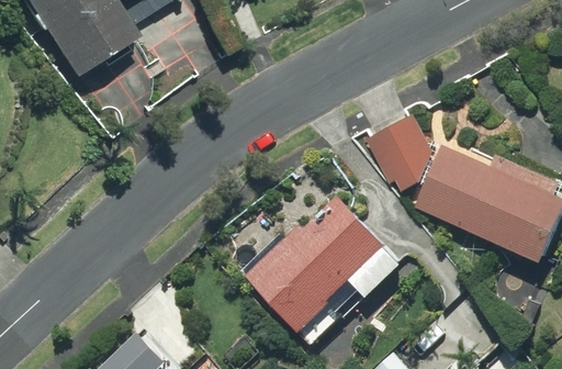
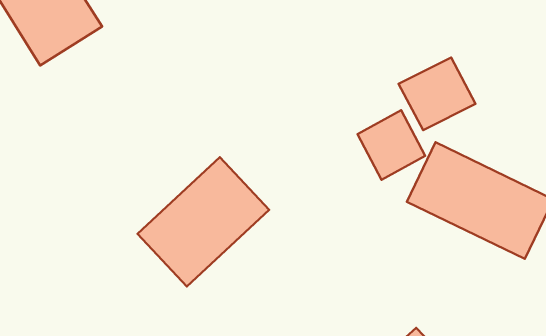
building: none -> [399,57,475,130]
building: [254,203,380,327] -> [137,157,269,287]

